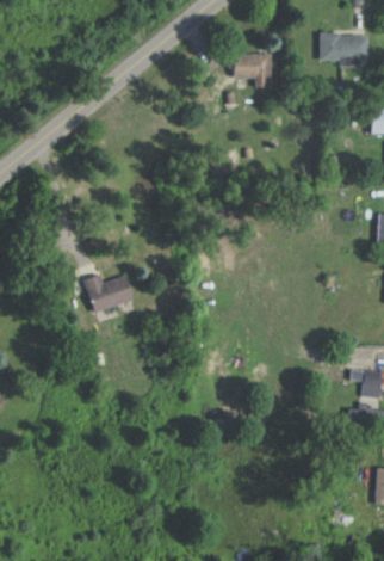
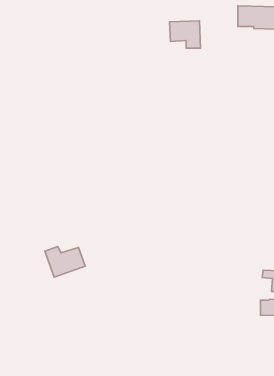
building: [82,273,134,313] -> [45,246,85,277]

